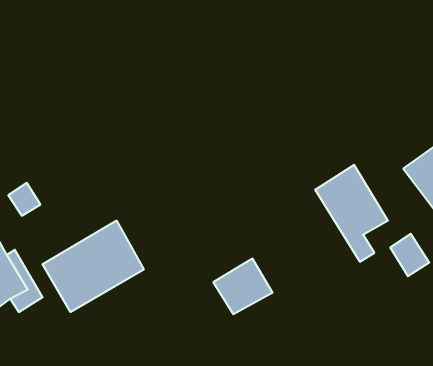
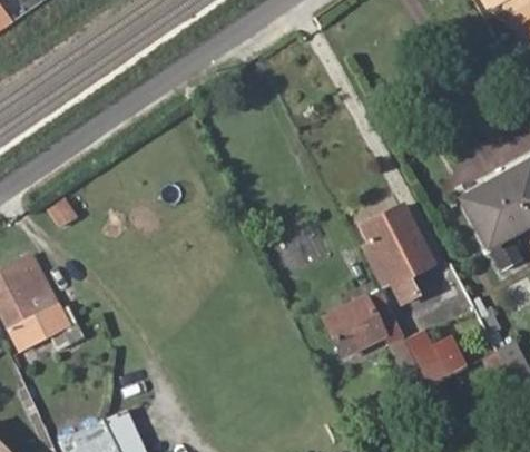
building: [43,221,144,312] -> none
building: [213,259,273,314] -> [325,299,385,355]
building: none -> [403,330,467,386]

